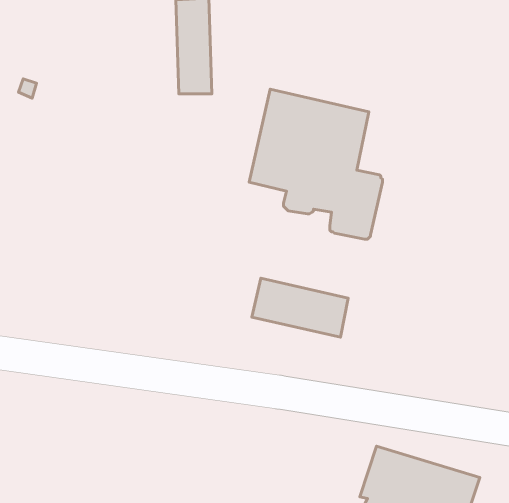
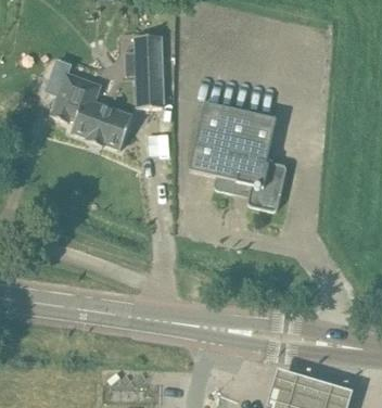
building: none -> [51,73,131,150]
building: [252,278,348,337] -> none

